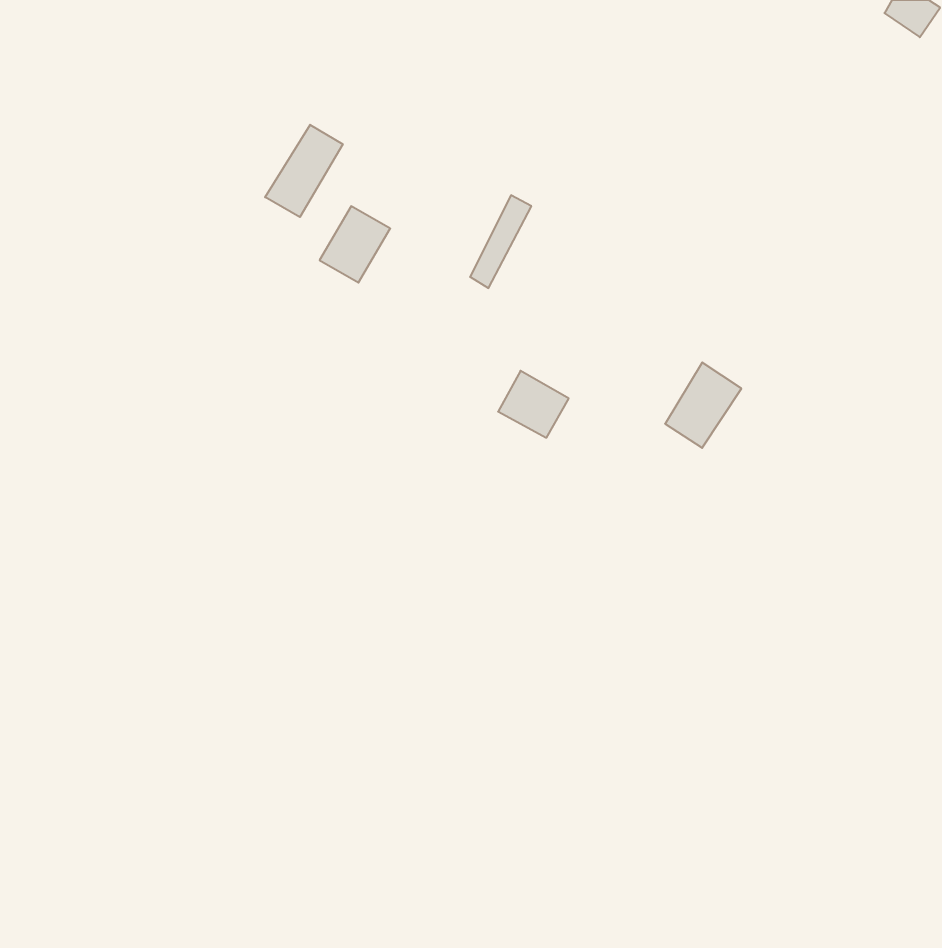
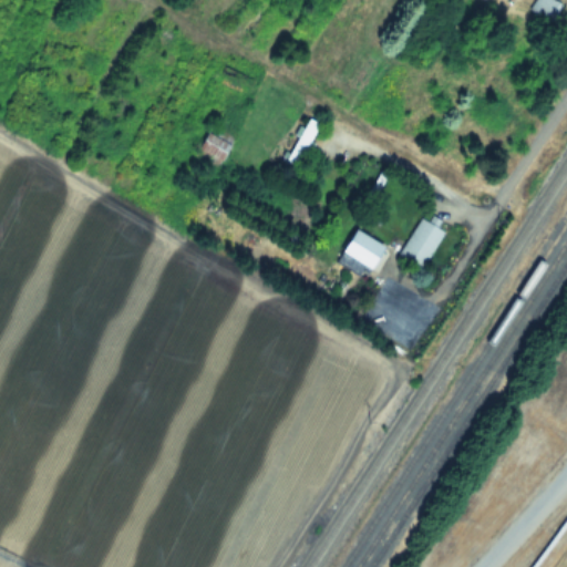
building: [265,125,343,217] -> none
building: [498,371,569,438] -> [343,229,385,269]

